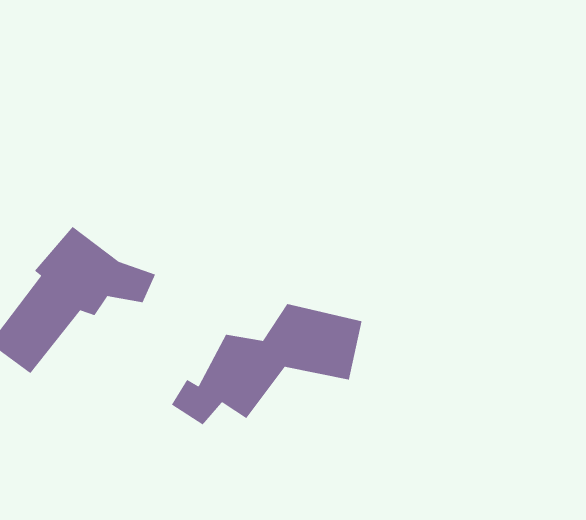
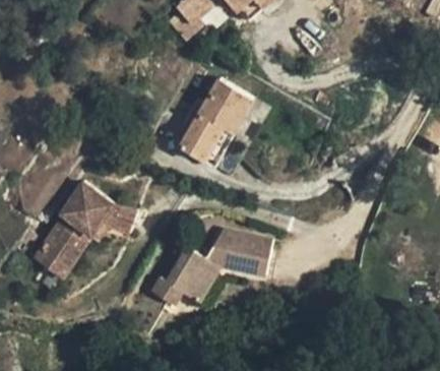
building: none -> [181,91,246,165]

